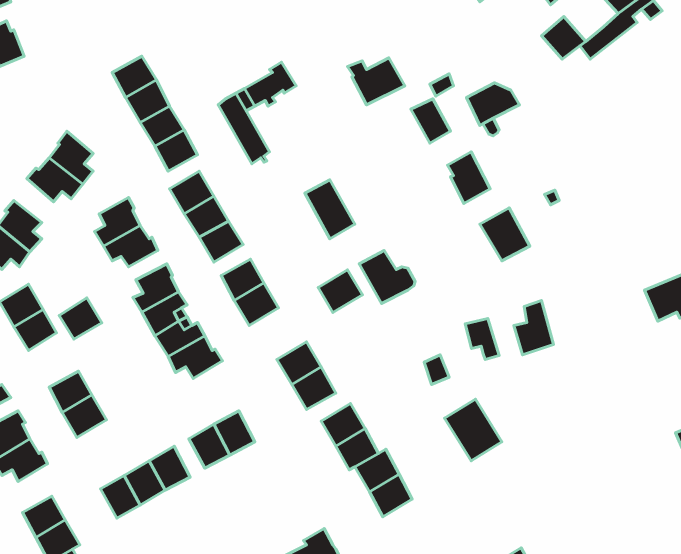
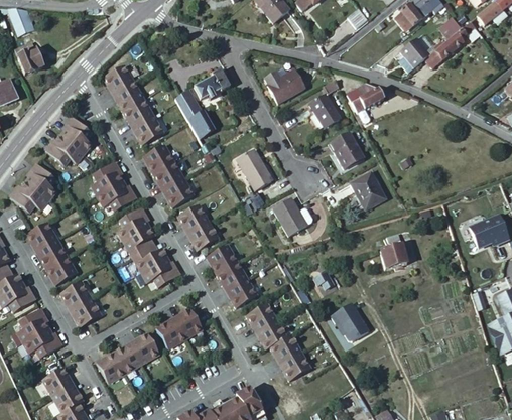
building: [318,270,362,313] -> [207,245,237,274]
building: [59,298,102,339] -> [46,256,76,284]
building: [465,318,499,360] -> none

